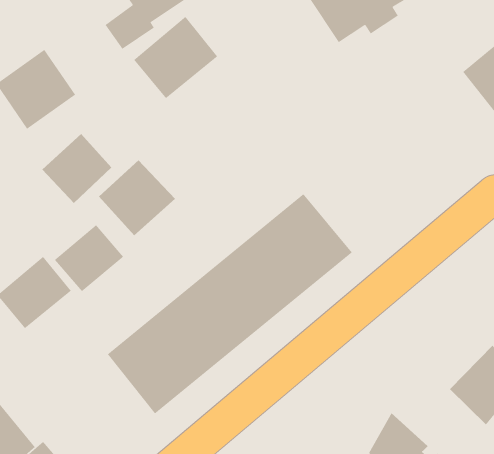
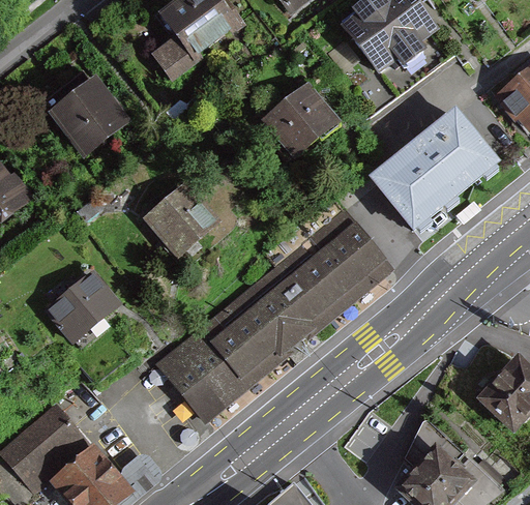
building: [133,16,218,99] -> [262,82,343,160]
building: none -> [372,110,503,235]
building: [41,133,112,204] -> none
building: [54,224,124,292] -> none

